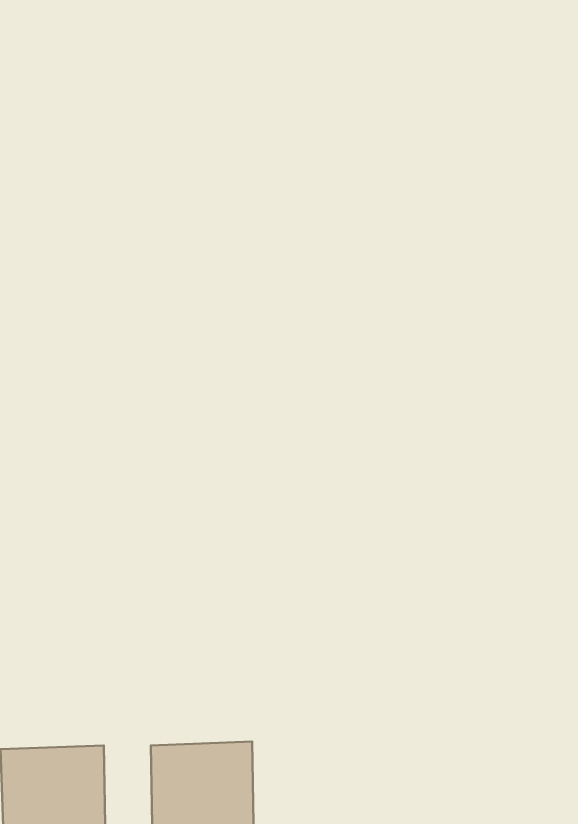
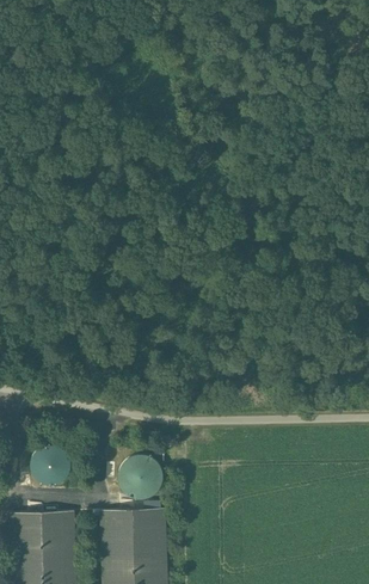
building: none -> [31,445,72,485]
building: none -> [119,454,164,498]

